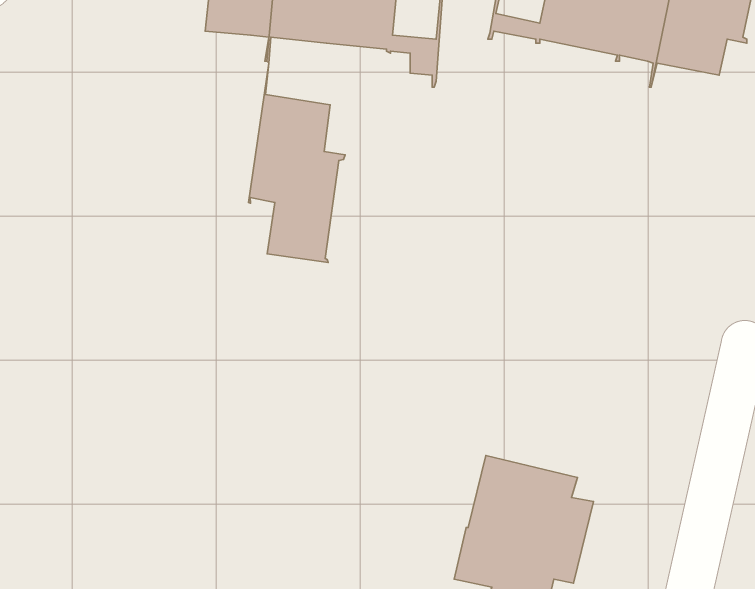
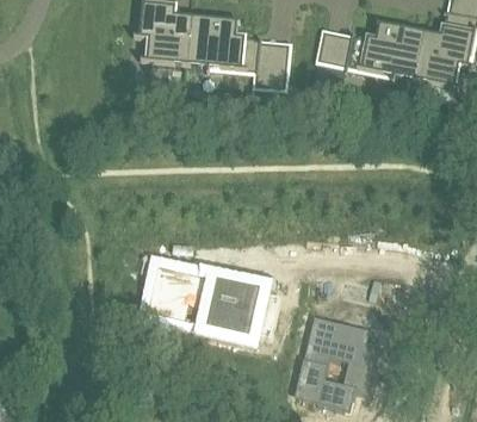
building: [248,63,345,263] -> none
building: none -> [147,263,279,339]

